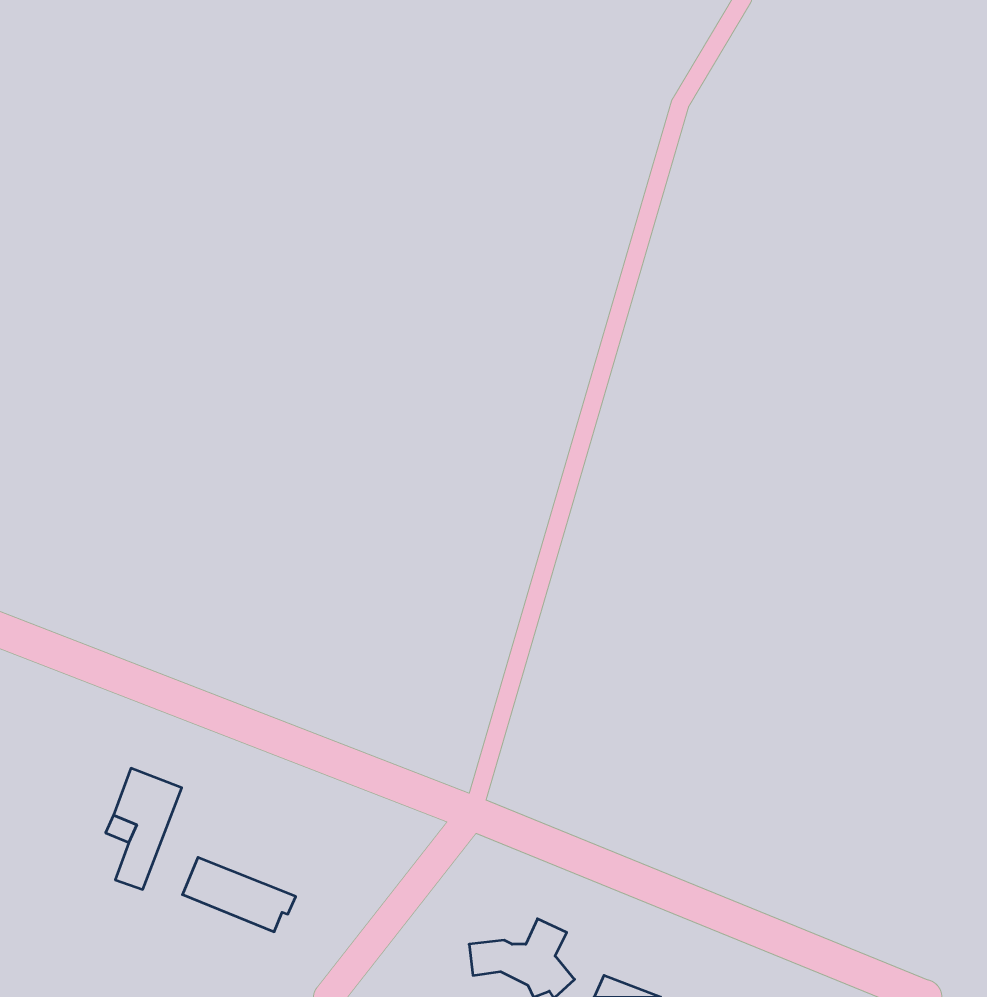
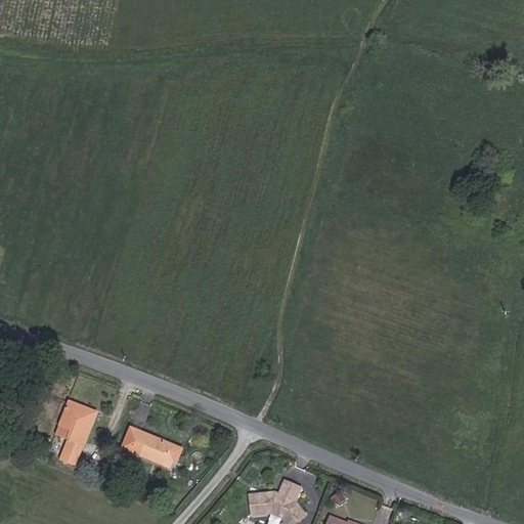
building: [182,857,296,932] -> [123,427,182,466]

